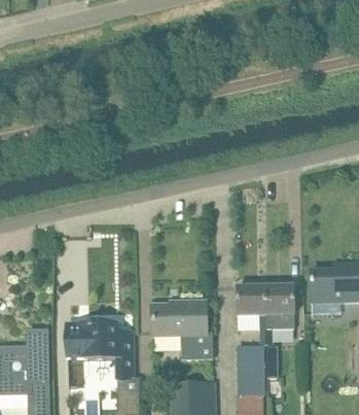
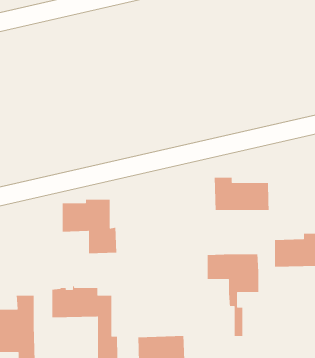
building: none -> [214,177,270,211]
building: [153,300,214,360] -> [62,199,117,254]
building: [236,345,263,393] -> none

